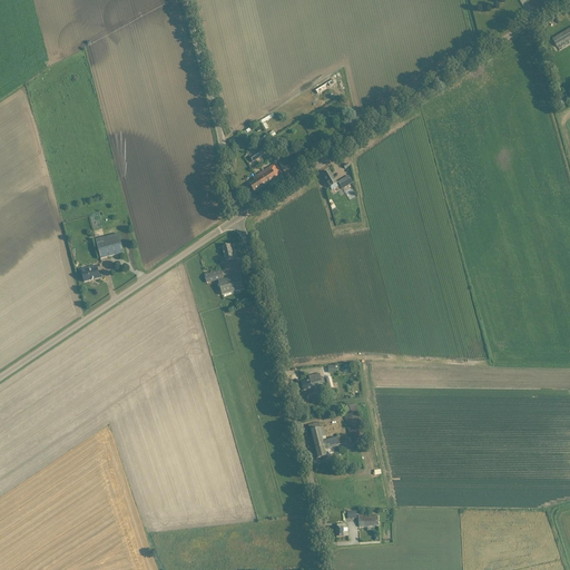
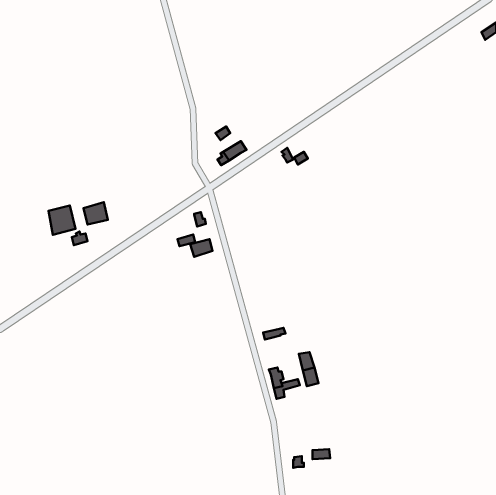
building: none -> [48,206,75,235]

